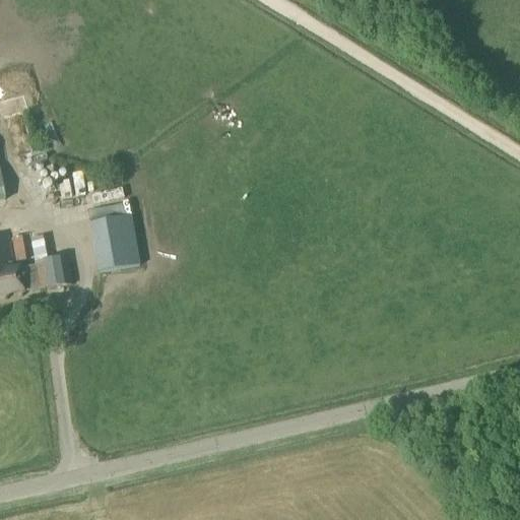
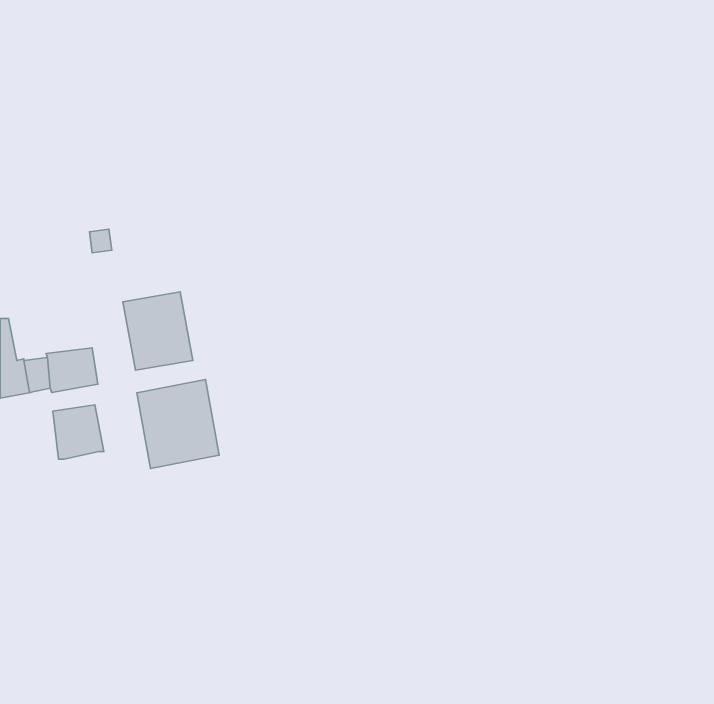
building: none -> [137,379,219,469]
building: none -> [53,405,104,459]

